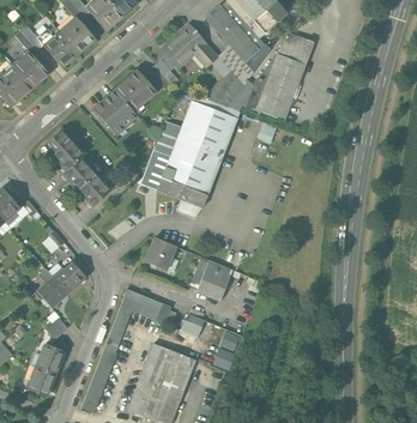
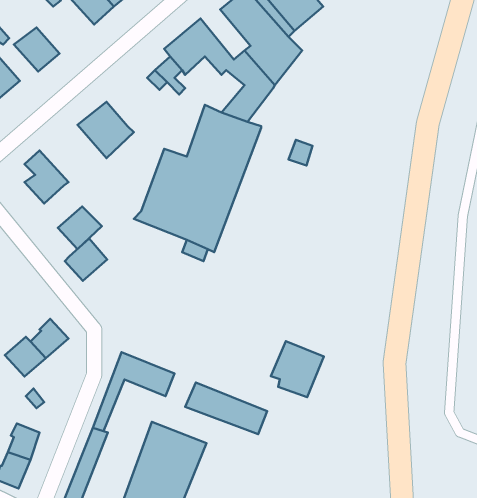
building: [61,17,95,52] -> none
building: [228,34,313,120] -> none
building: [116,71,156,109] -> none
building: [64,156,97,189] -> [65,238,107,281]
building: [146,237,177,271] -> none
building: [191,256,232,301] -> [271,341,324,397]

